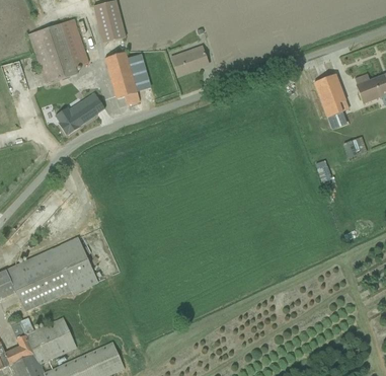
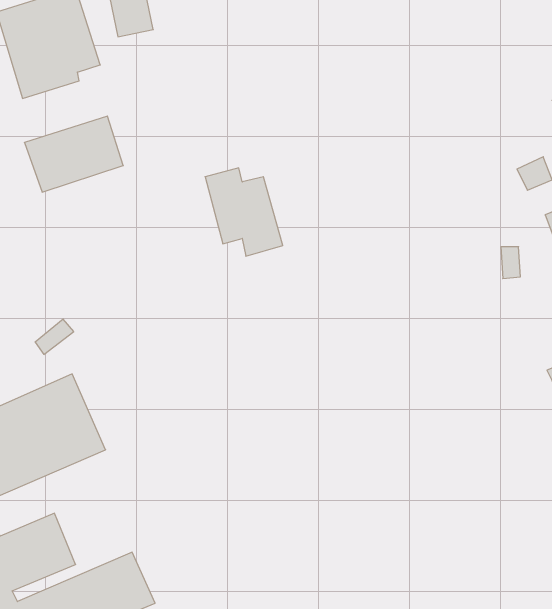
building: [169,46,209,78] -> none
building: [106,54,151,104] -> [205,168,283,256]
building: [310,70,346,117] -> none

